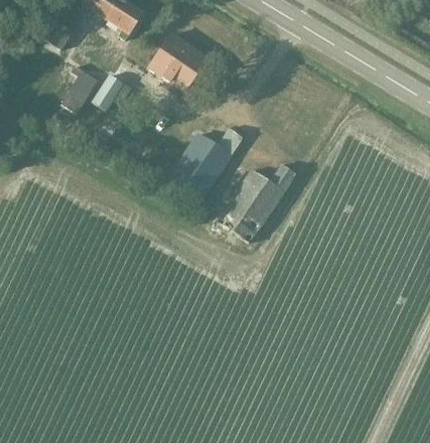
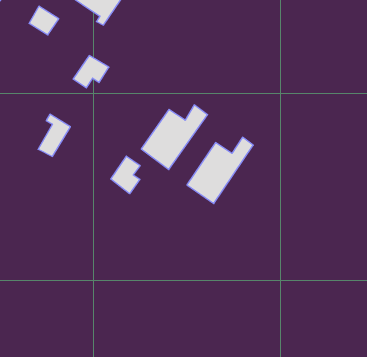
building: [147,28,208,93] -> none
building: [61,62,98,110] -> [38,114,70,156]
building: none -> [111,156,140,194]

